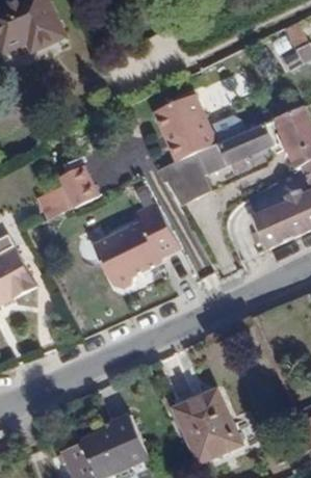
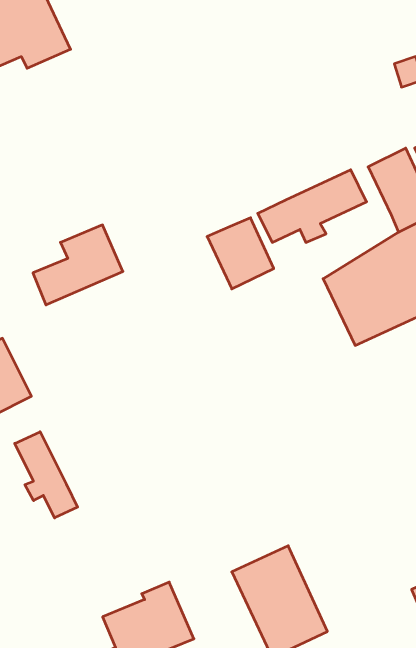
building: [152,94,215,162] -> none
building: [83,204,178,293] -> none
building: none -> [15,432,78,518]

